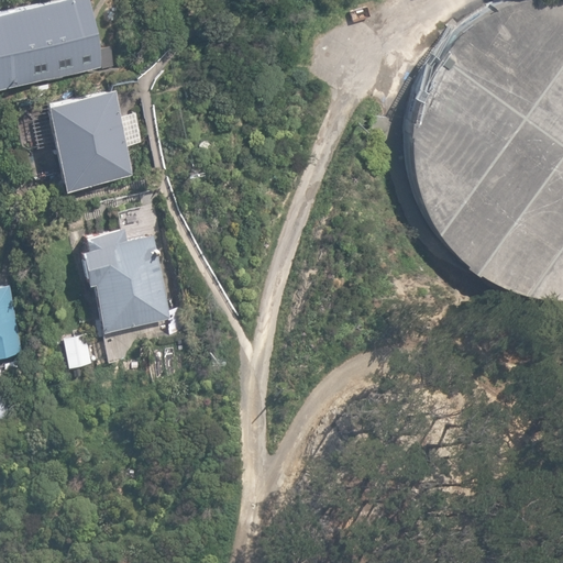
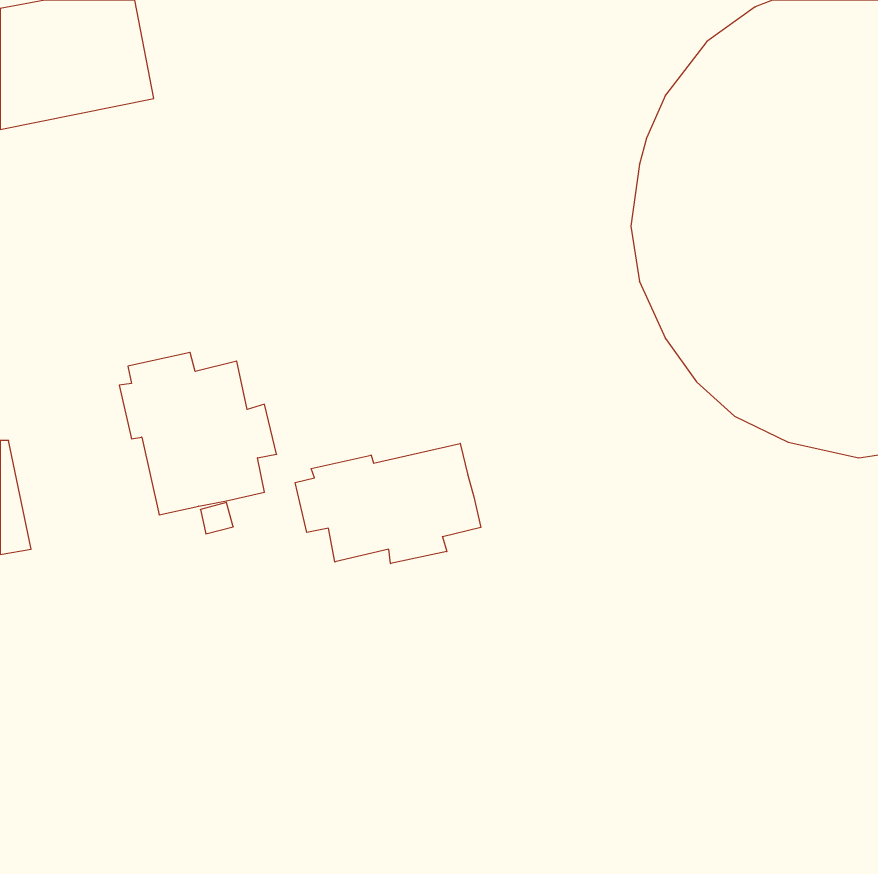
building: [46,90,133,191] -> none
building: none -> [295,443,481,564]

